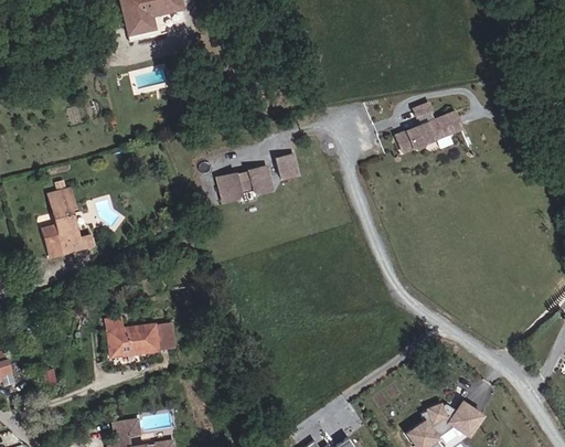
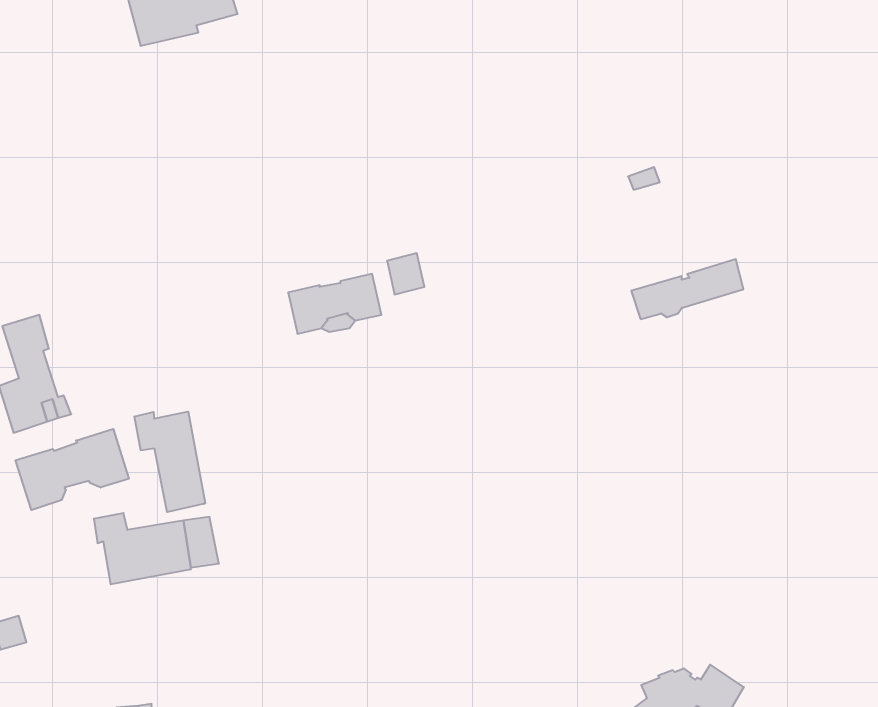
building: [396,115,462,150] -> [631,259,743,319]
building: none -> [134,412,205,512]
building: none -> [16,429,129,510]

